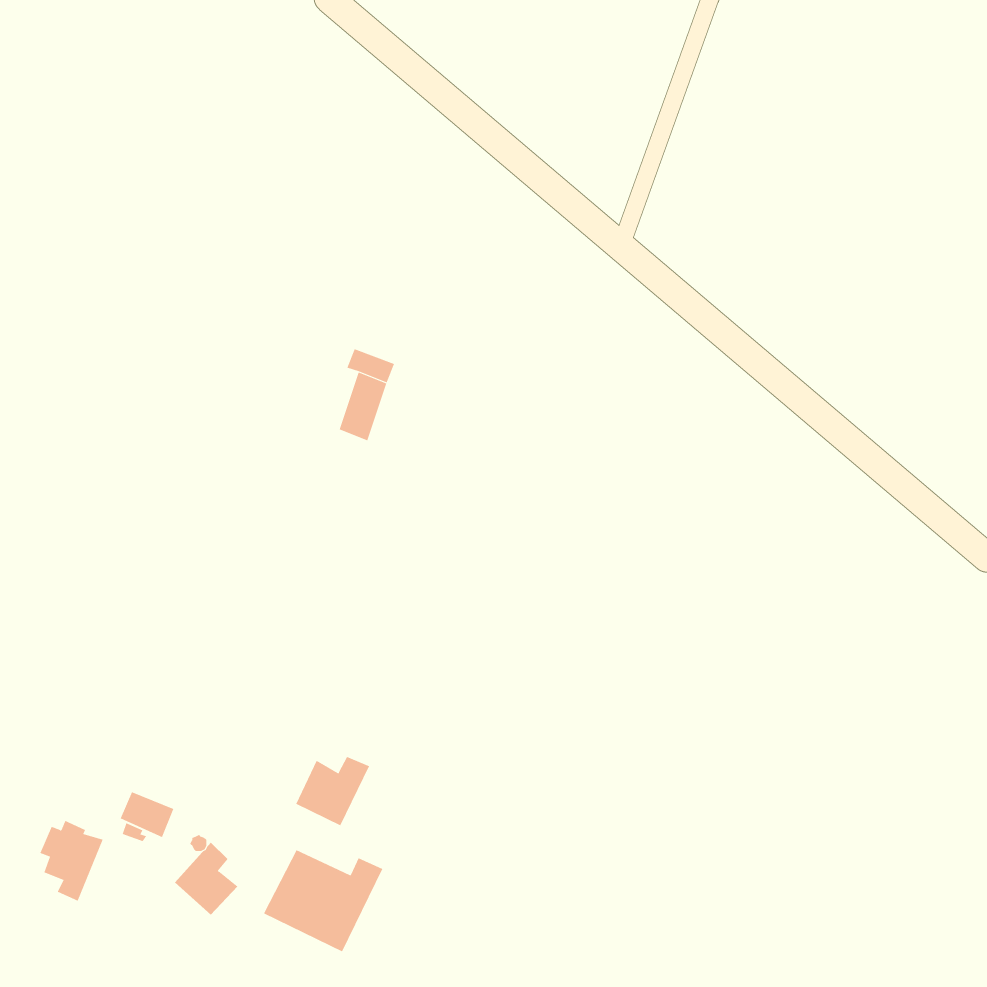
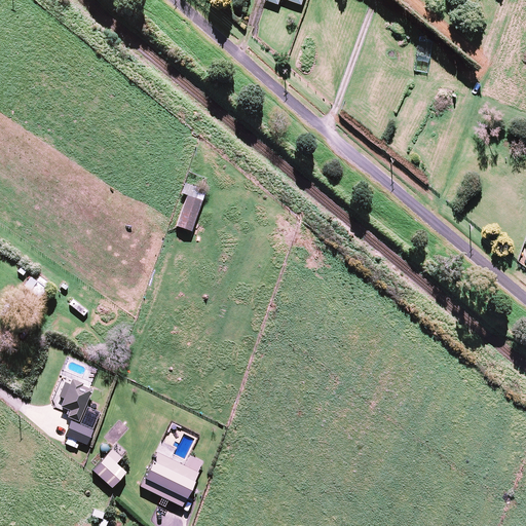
building: [296,756,370,826] -> none
building: [40,820,103,902] -> [59,377,92,420]

